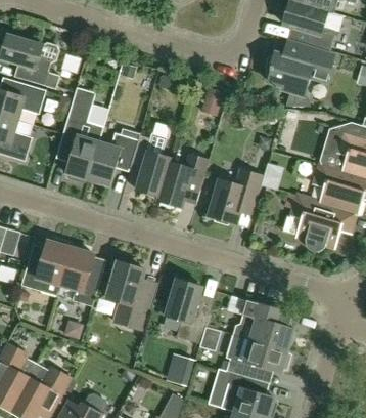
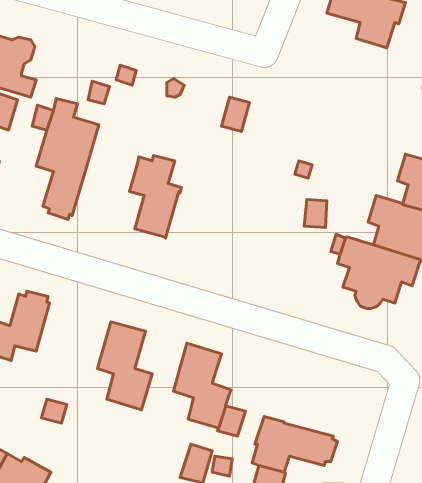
building: [265,47,333,107] -> none
building: [87,132,137,185] -> none
building: [156,154,208,207] -> none
building: [209,168,263,223] -> none
building: [59,247,98,305] -> none
building: [232,299,293,349] -> none

